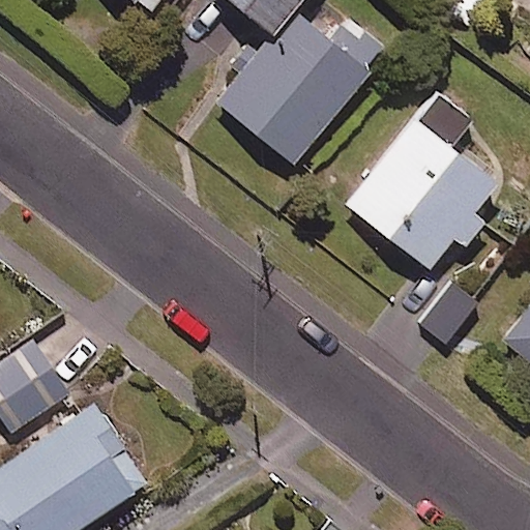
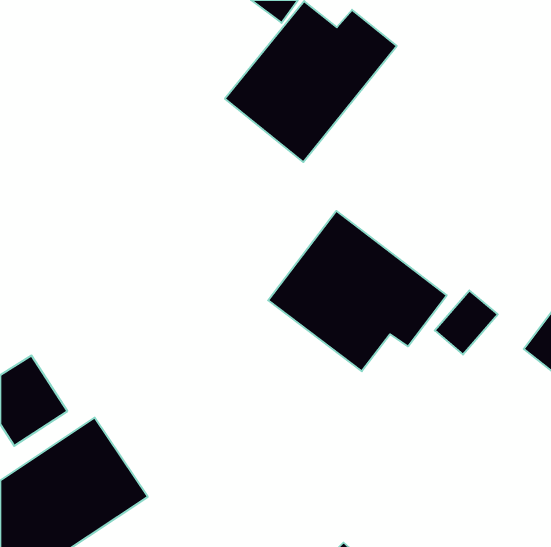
building: [346,92,495,267] -> none
building: none -> [268,211,447,371]

